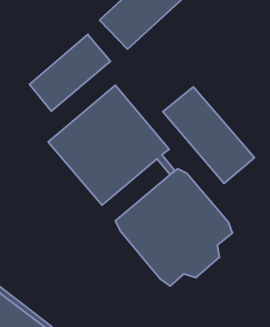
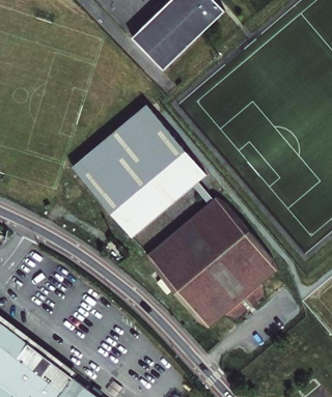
building: [30,34,110,111] -> none
building: [163,87,254,183] -> none

